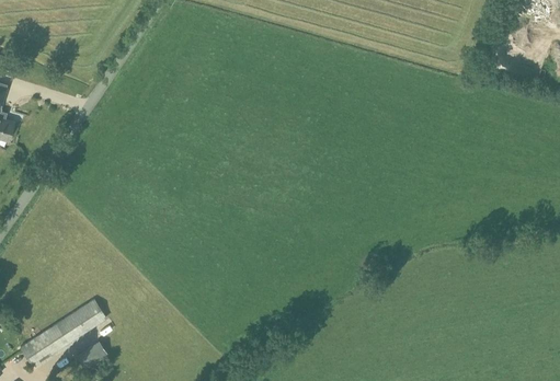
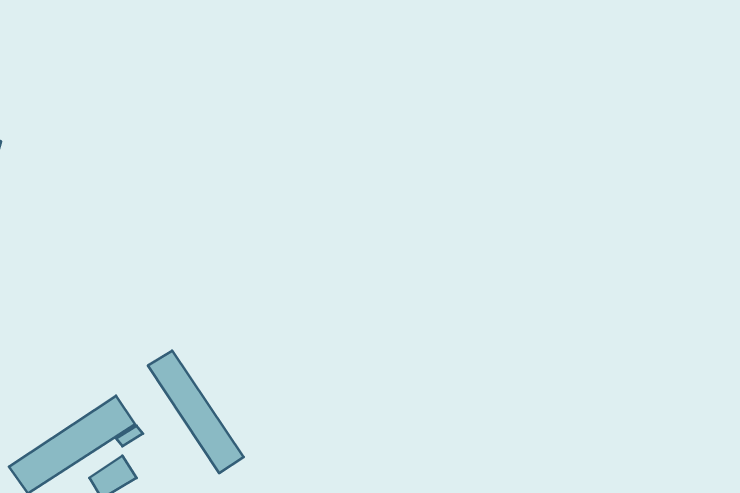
building: none -> [148,351,244,473]

